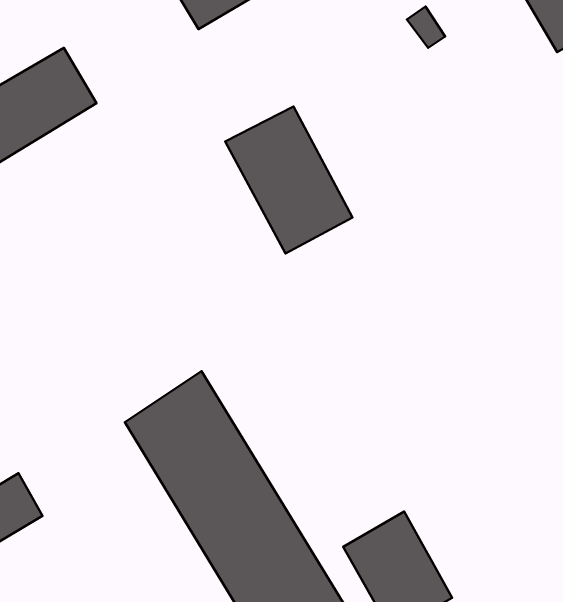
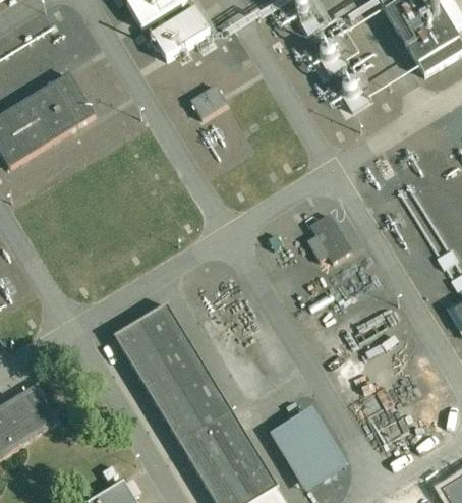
building: none -> [191,86,228,119]
building: [225,106,353,253] -> none
building: none -> [308,215,350,266]

